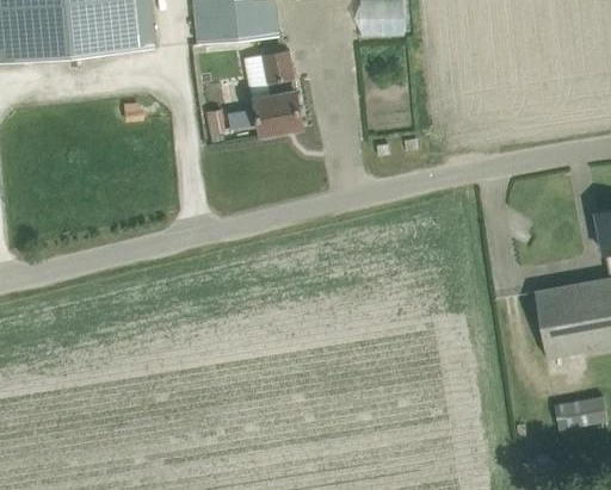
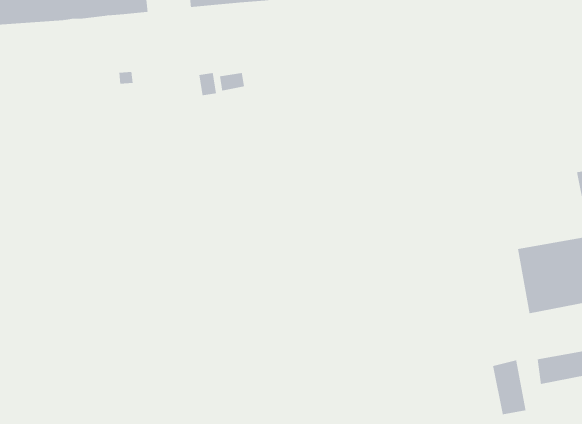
building: [245,50,303,135] -> none
building: none -> [492,360,526,415]

